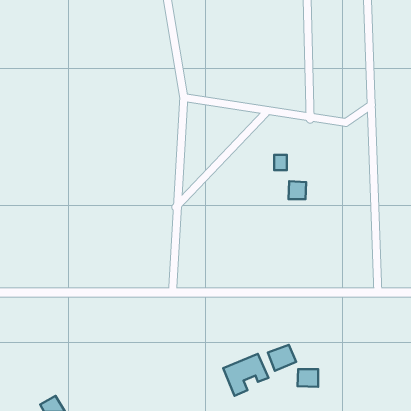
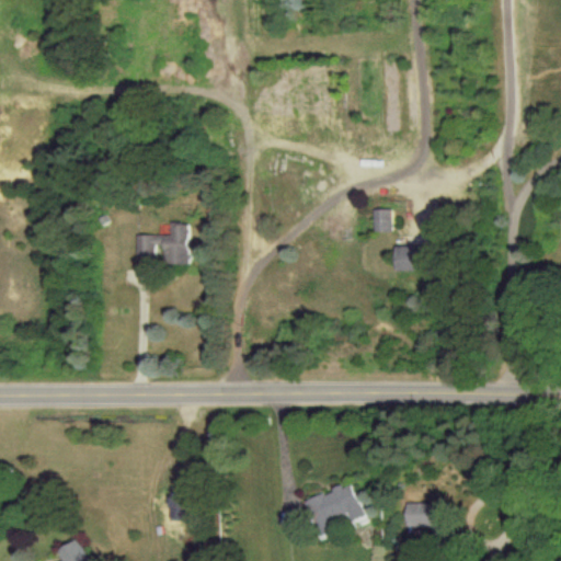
building: none -> [136,225,188,265]
building: [268,345,296,371] -> none

